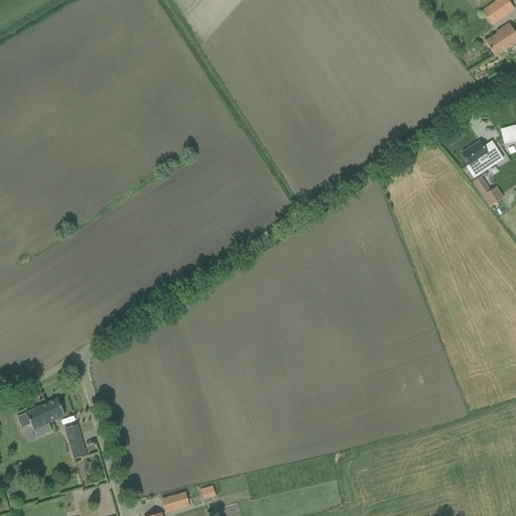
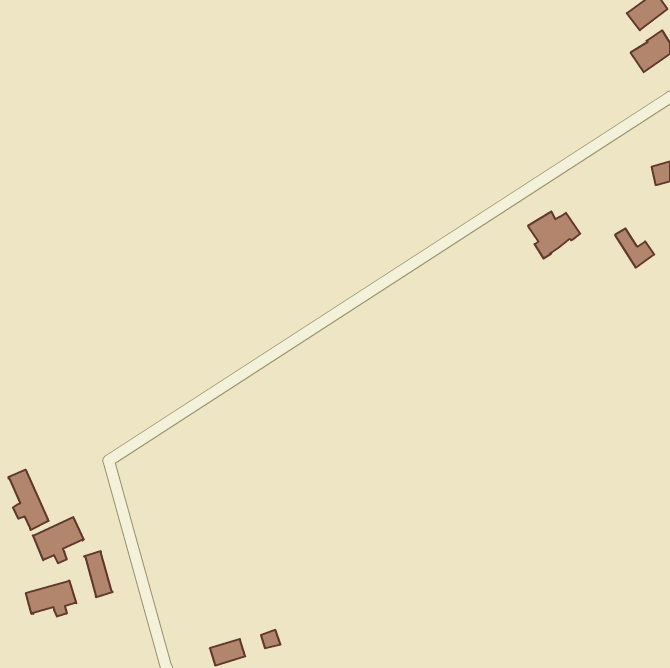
building: [462,140,502,176] -> [528,211,580,259]
building: none -> [8,470,49,530]
building: none -> [26,580,76,617]

